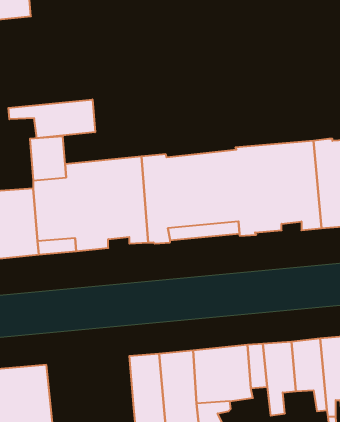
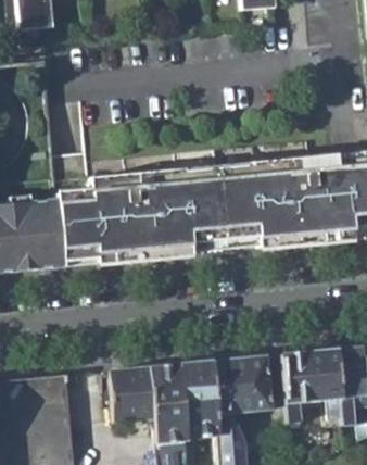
building: [8,99,95,138] -> none
building: none -> [109,366,154,423]

